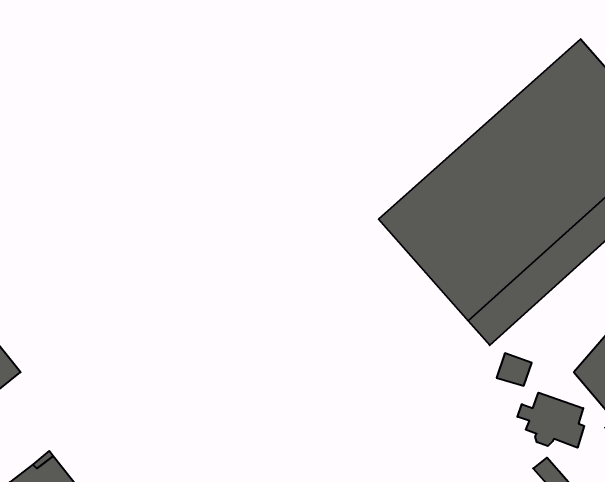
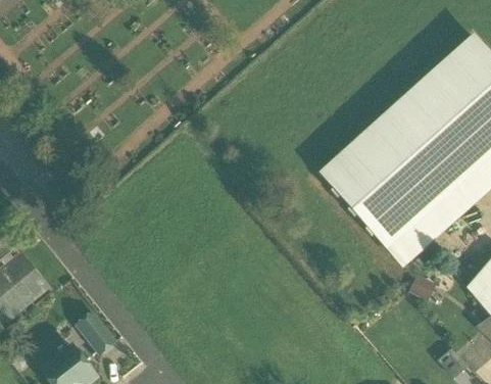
building: [517,393,584,448] -> none
building: none -> [77,313,113,352]

